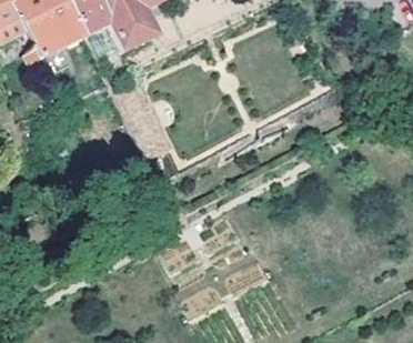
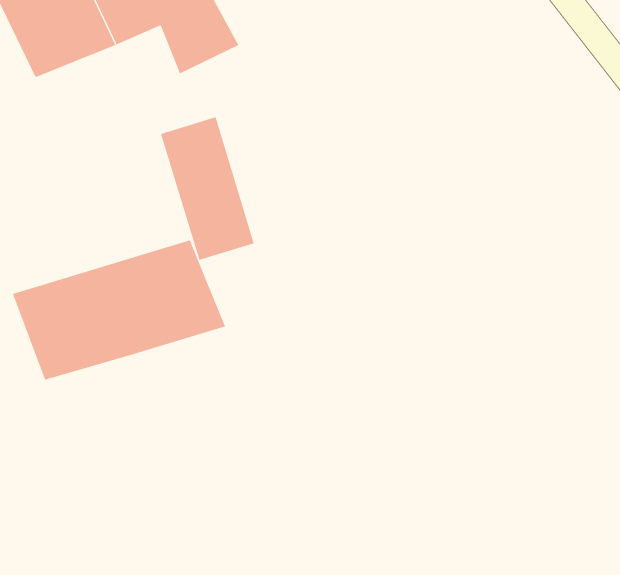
building: none -> [12,240,226,381]

